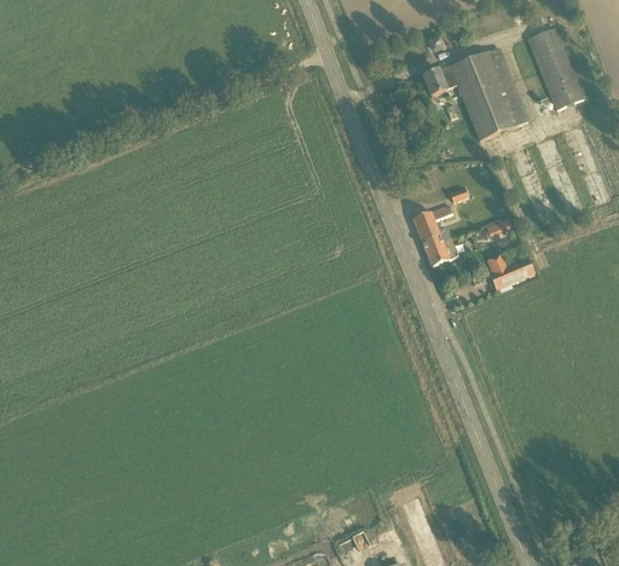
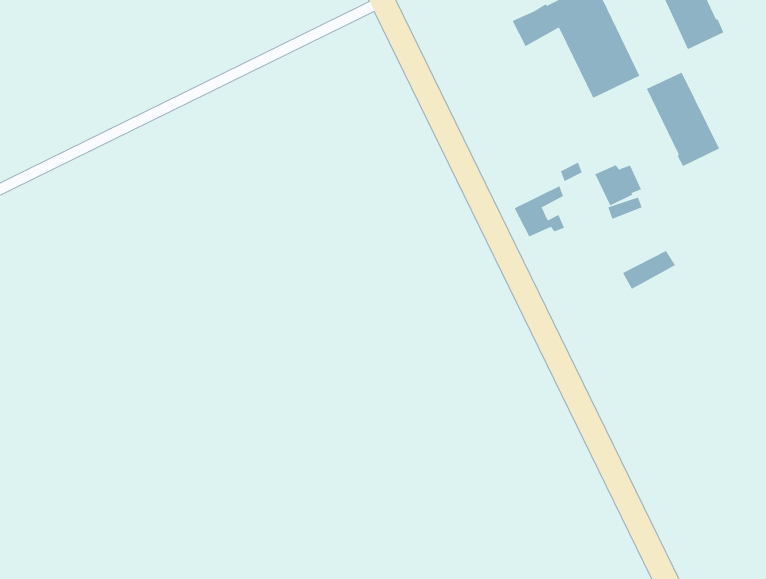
building: none -> [646,72,720,167]
building: [423,237,458,268] -> [595,164,642,206]

